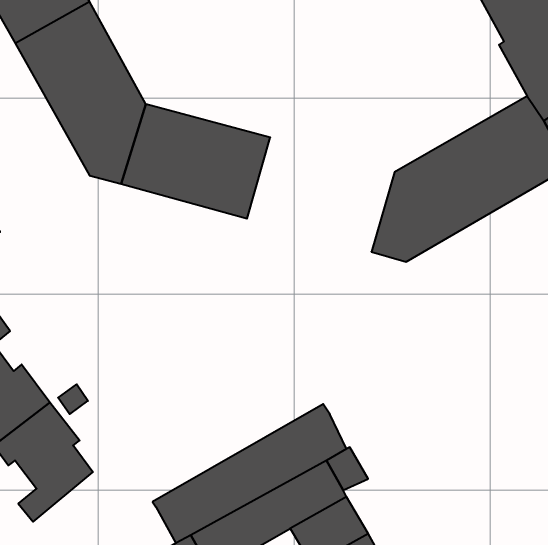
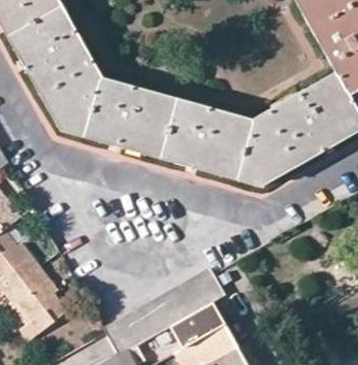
building: none -> [162,102,254,173]

